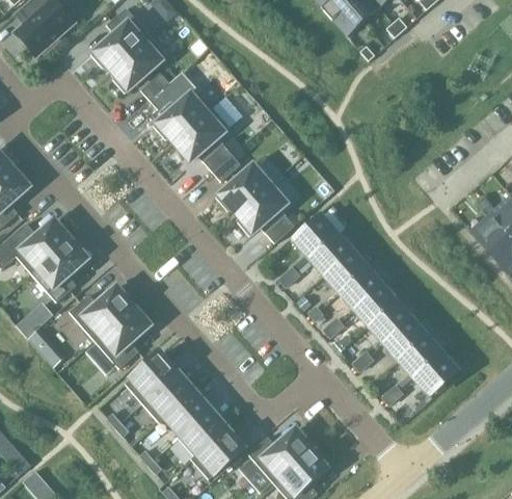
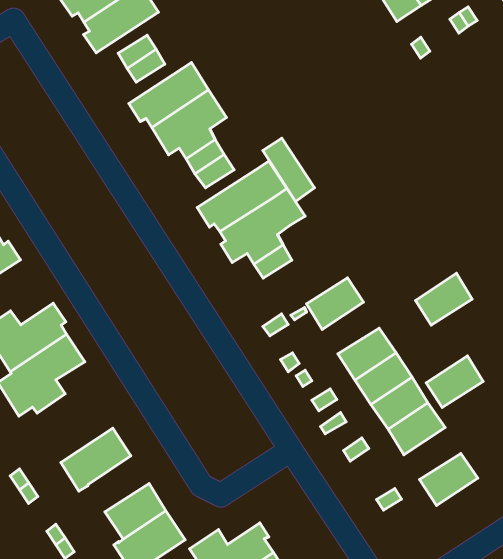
building: none -> [263,138,315,202]
building: [294,215,338,257] -> none
building: [324,250,367,291] -> [415,273,472,325]
building: [399,335,441,376] -> [426,356,483,407]
building: [125,351,178,402] -> none
building: [165,390,211,435] -> none

